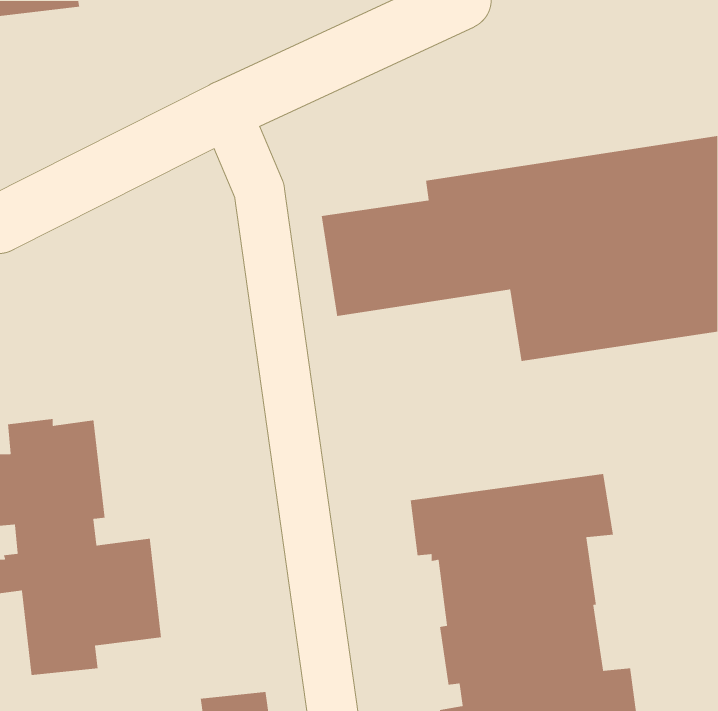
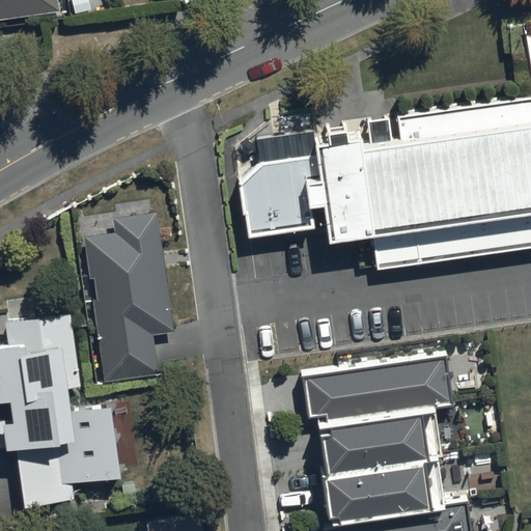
building: none -> [84,213,174,382]

